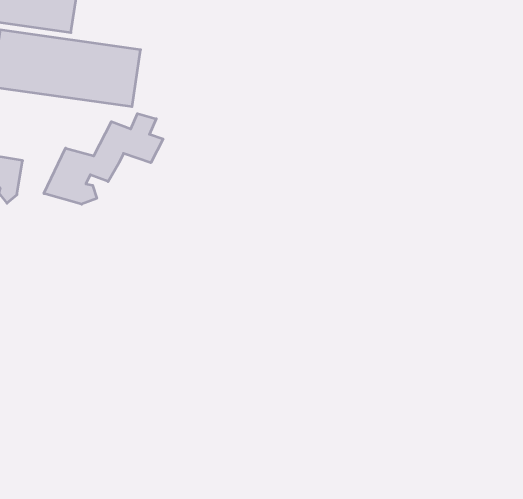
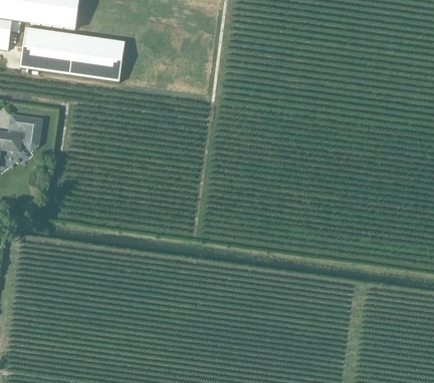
building: [44,114,163,204] -> none

